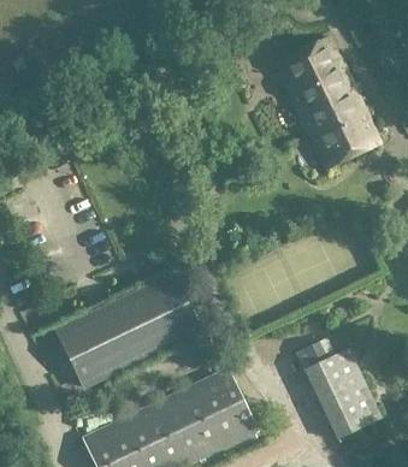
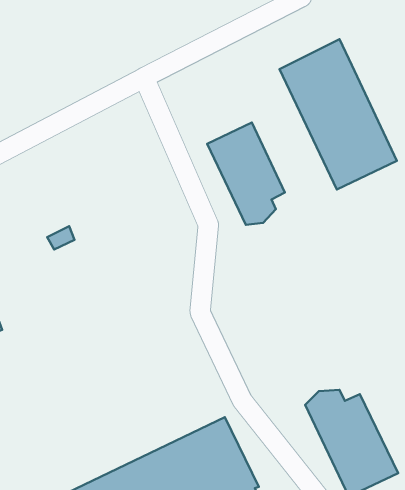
building: none -> [207,122,285,225]
building: [55,276,197,385] -> none

